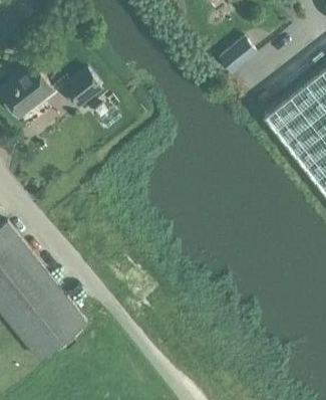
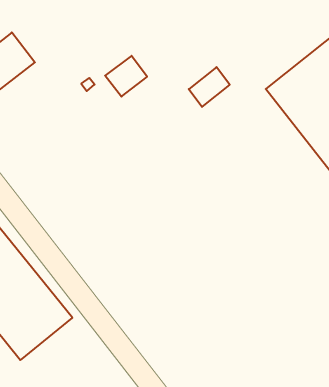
building: [219,39,256,75] -> [189,67,230,107]
building: [65,71,103,109] -> [105,56,147,97]

